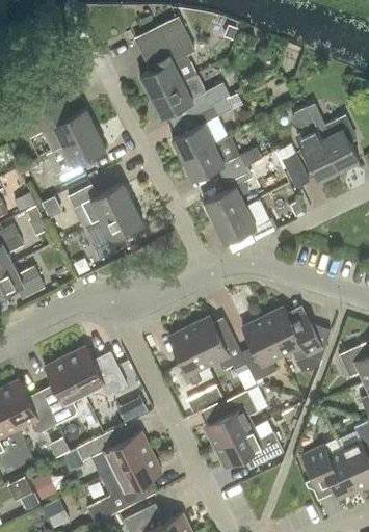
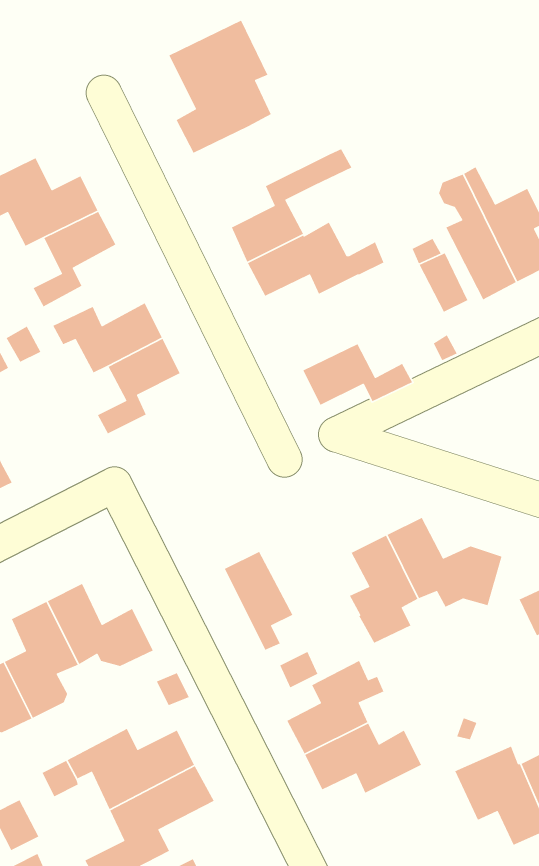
building: [150,74,229,117] -> none
building: [203,167,252,222] -> none
building: [188,317,246,371] -> none

